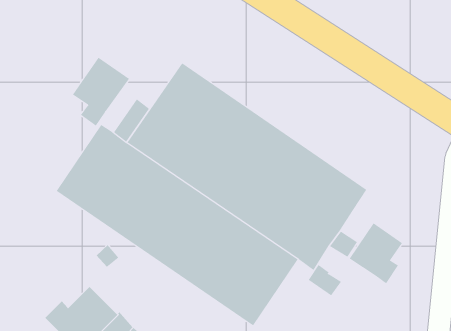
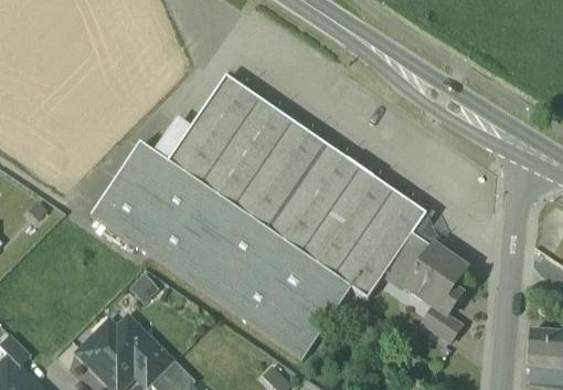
building: [72,57,130,127] -> none
building: none -> [397,234,431,268]
building: [308,264,342,296] -> [424,305,460,339]

